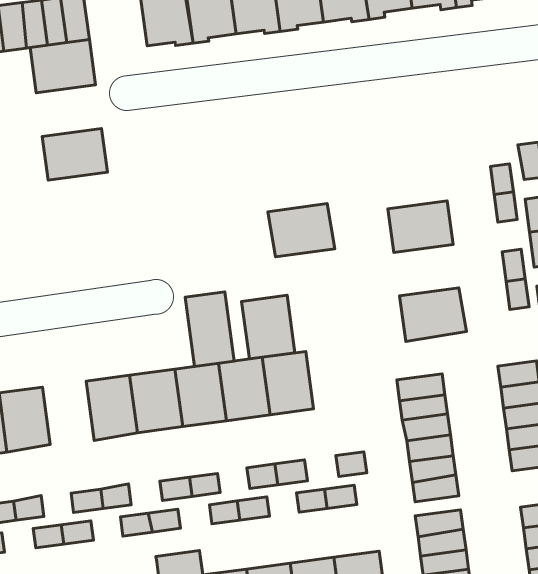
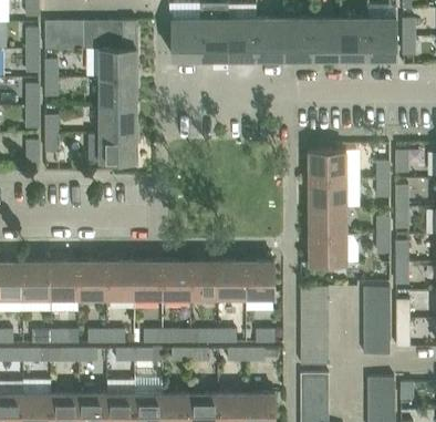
building: none -> [100,79,137,106]
building: none -> [89,134,137,163]
building: [268,204,335,257] -> [308,152,346,181]
building: none -> [309,208,346,236]
building: [185,292,234,366] -> none
building: [242,295,295,359] -> [246,263,274,299]
building: none -> [79,263,106,300]

